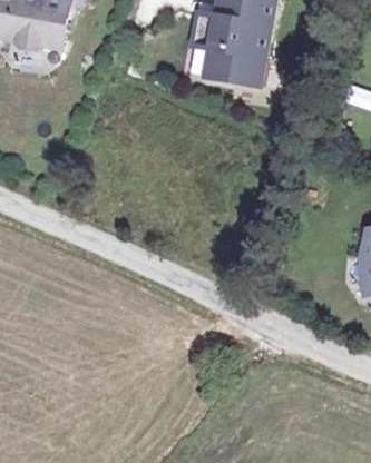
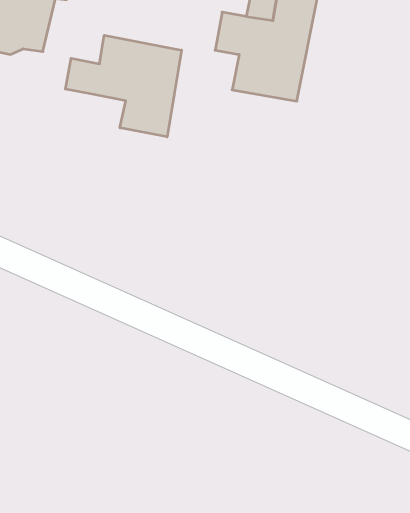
building: none -> [65,35,182,137]

